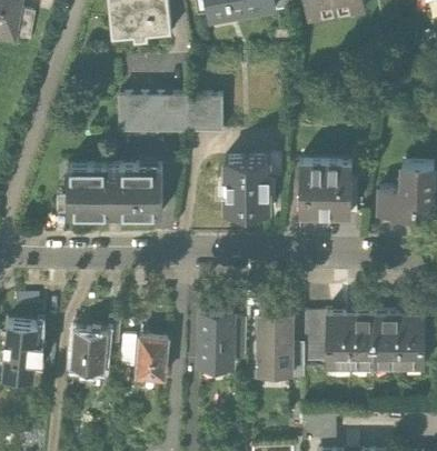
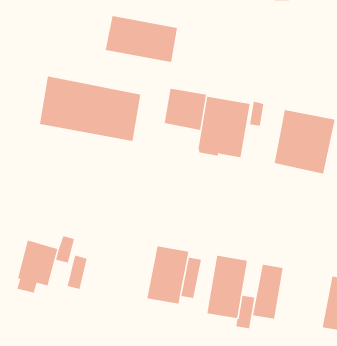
building: [186,98,222,133] -> [164,88,207,131]
building: [327,311,375,362] -> none
building: [138,333,169,377] -> none

